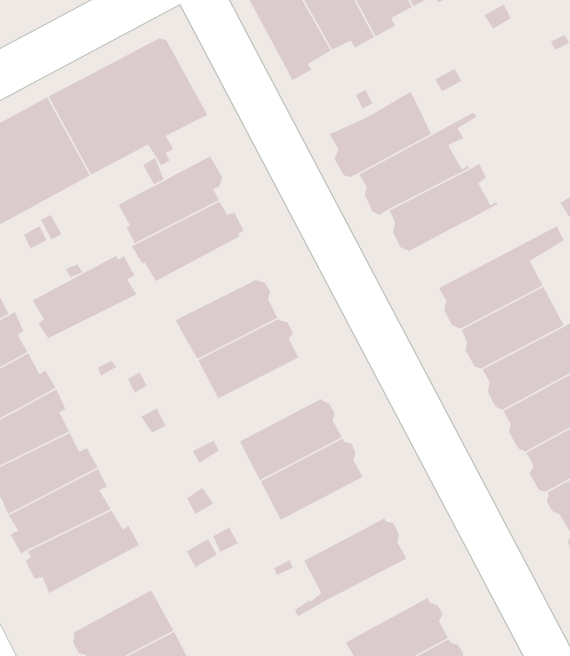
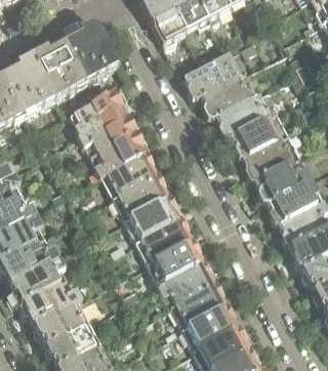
building: none -> [231,113,287,158]
building: [31,255,138,340] -> [89,130,147,176]
building: none -> [123,196,179,241]
building: none -> [157,260,213,306]
building: none -> [33,299,87,344]
building: none -> [180,304,237,349]

